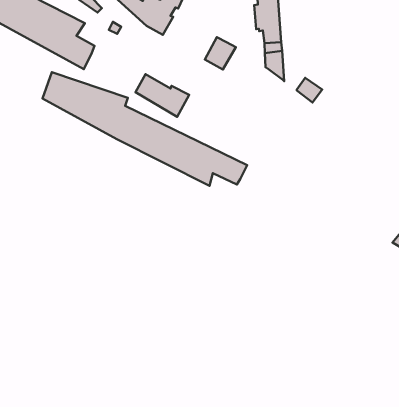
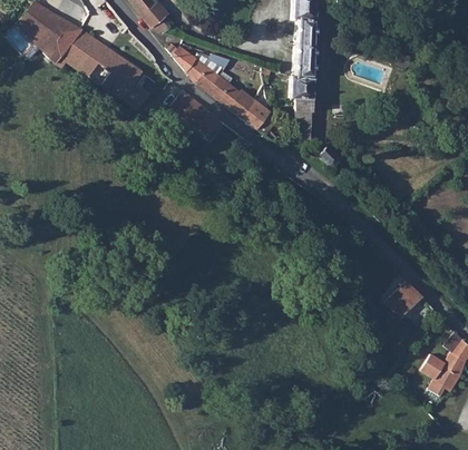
building: [43,72,247,186] -> none
building: [135,74,189,117] -> [208,77,255,118]

